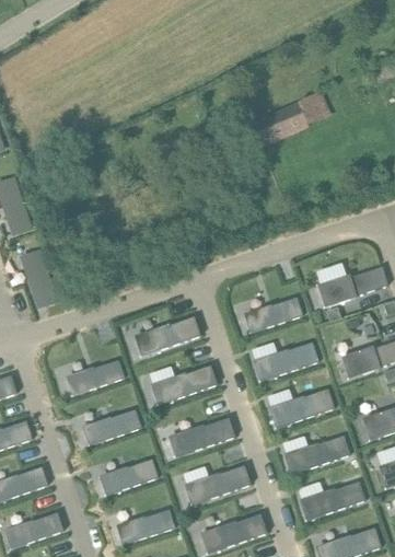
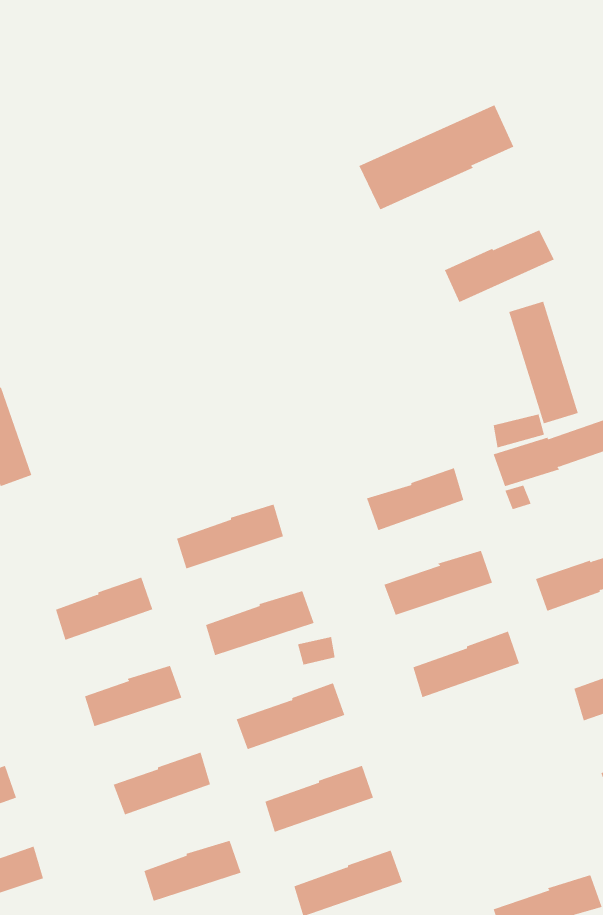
building: none -> [444,230,555,303]
building: none -> [509,301,578,424]
building: [288,436,349,473] -> none
building: [303,480,365,519] -> none

